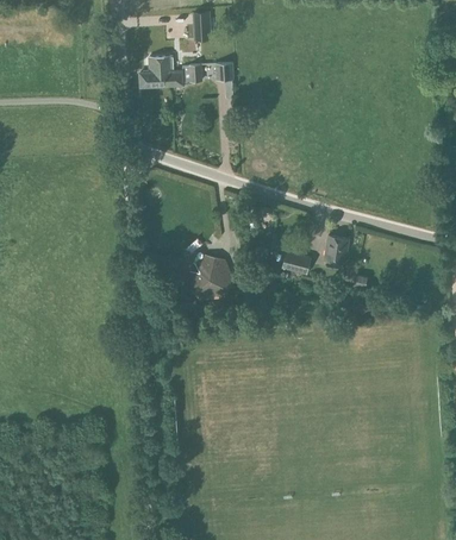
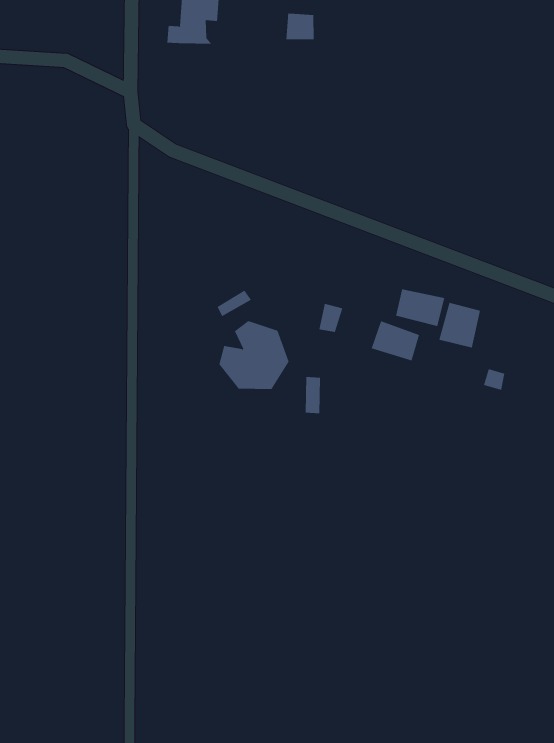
building: [164,63,200,84] -> none
building: none -> [395,288,445,327]

